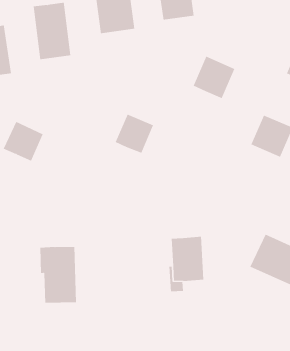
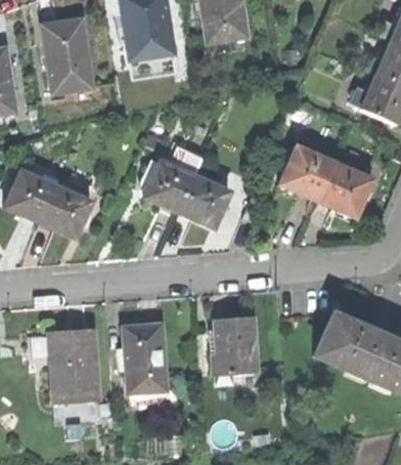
building: [193,56,235,99] -> [279,145,332,200]
building: none -> [179,175,229,226]
building: none -> [40,186,90,237]
building: none -> [126,325,165,398]

